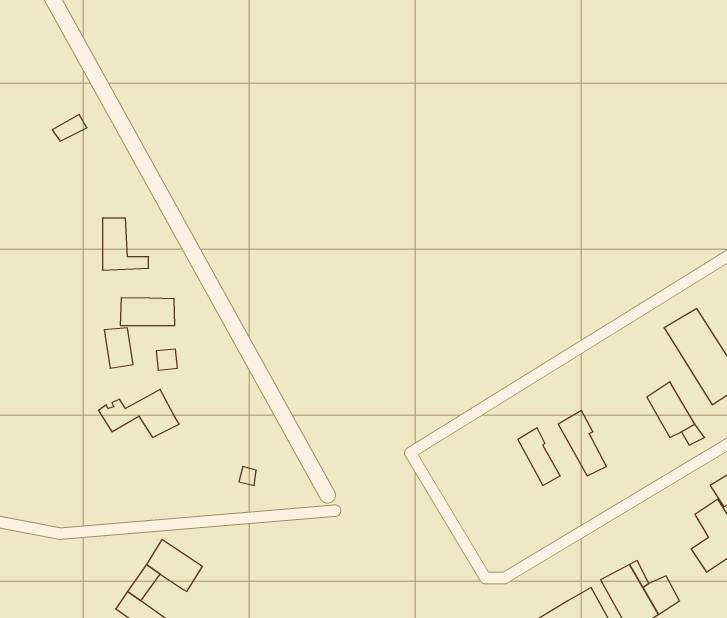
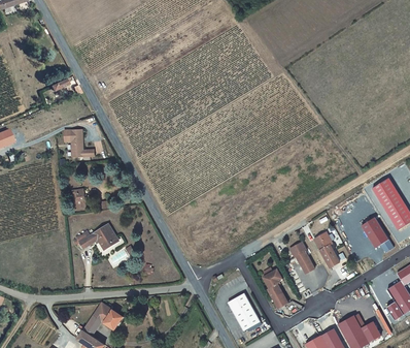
building: [121,298,174,326] -> none
building: none -> [265,271,289,309]
building: none -> [229,294,262,331]

